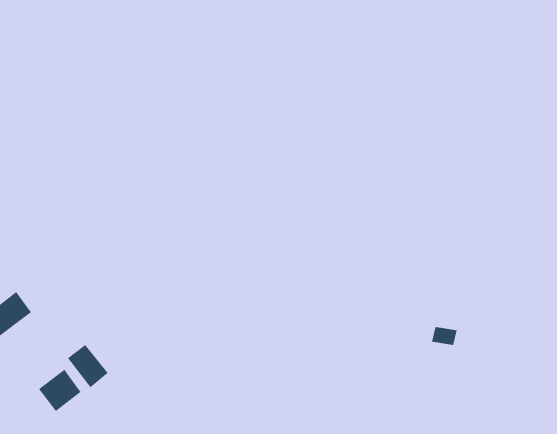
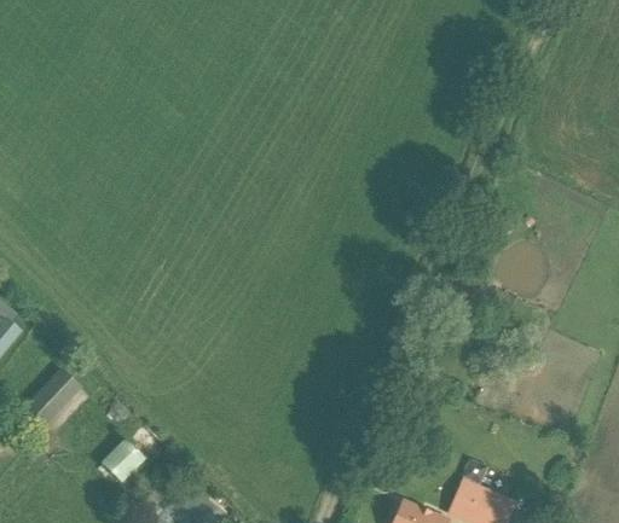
building: [67,344,109,388] -> none

